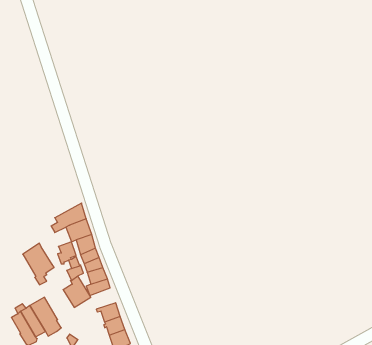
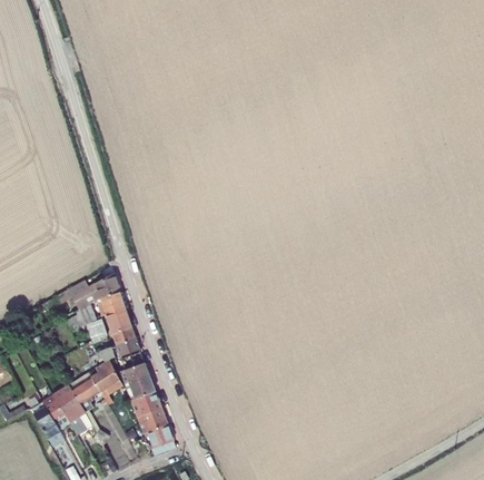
building: [23,243,54,285] -> [69,372,107,422]
building: none -> [124,374,155,401]

